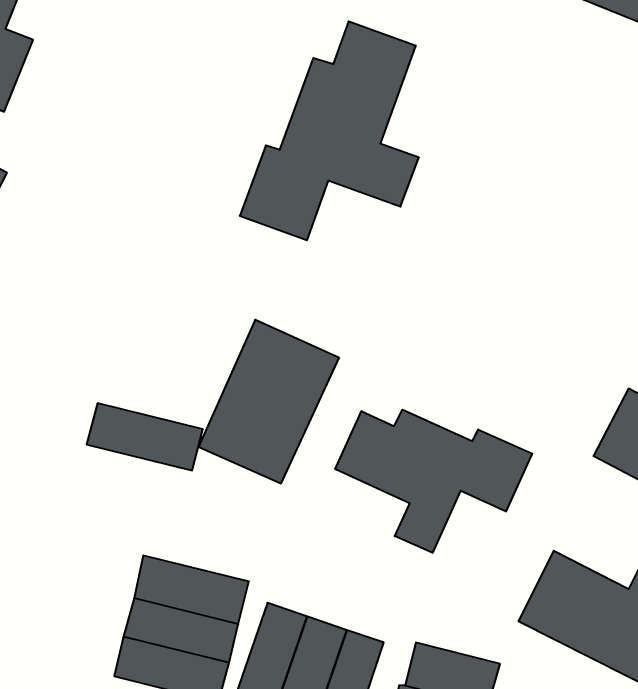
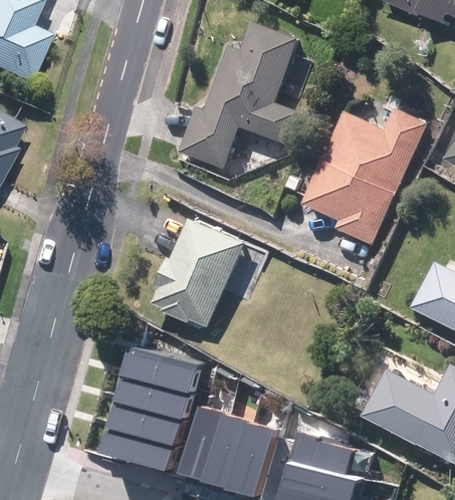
building: none -> [303,109,427,244]
building: [87,403,203,470] -> [118,346,194,391]
building: [335,410,532,553] -> none

